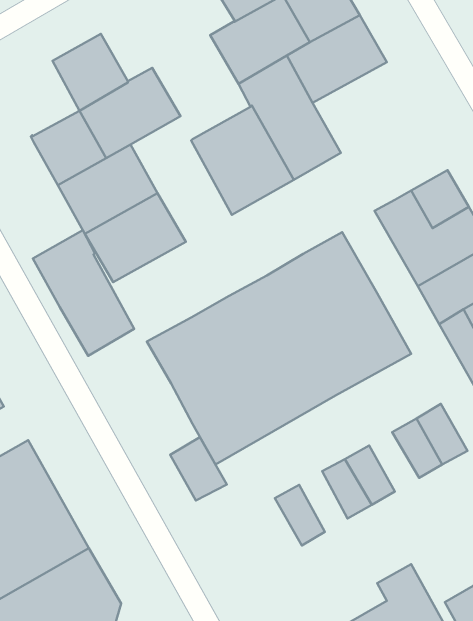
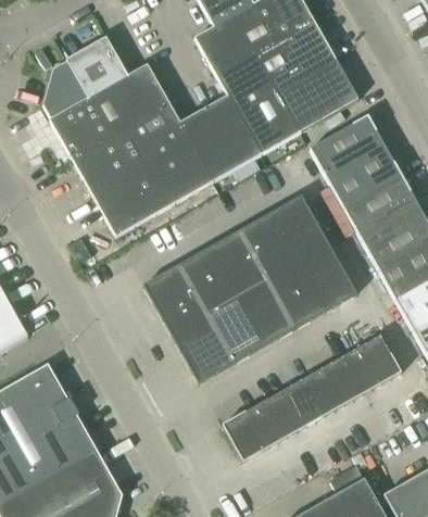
building: none -> [42,58,88,118]
building: none -> [276,59,357,131]
building: none -> [309,114,385,178]
building: [33,230,134,356] -> [129,102,211,203]
building: none -> [322,356,362,404]
building: [170,437,227,501] -> [222,409,267,461]
building: none -> [265,388,304,437]

